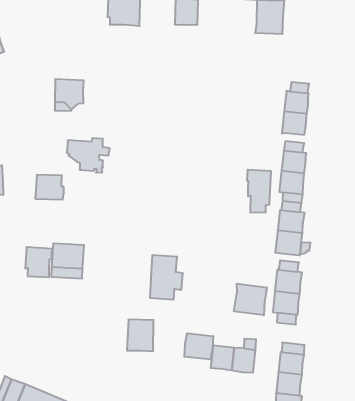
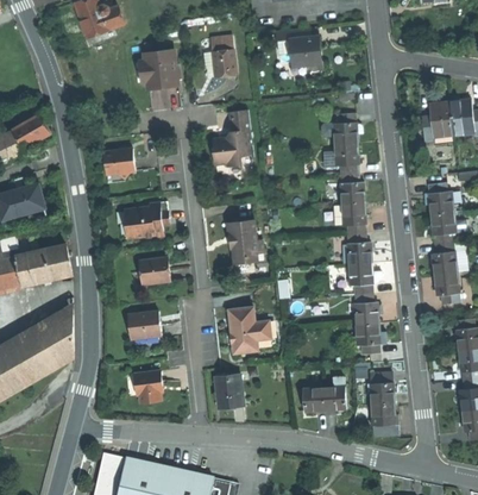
building: none -> [210,111,243,165]
building: [247,170,271,212] -> [226,220,253,264]
building: [35,175,64,200] -> [139,257,169,284]
building: [25,247,53,277] -> [133,371,161,402]
building: [234,284,267,315] -> none
building: [184,333,213,360] -> none

